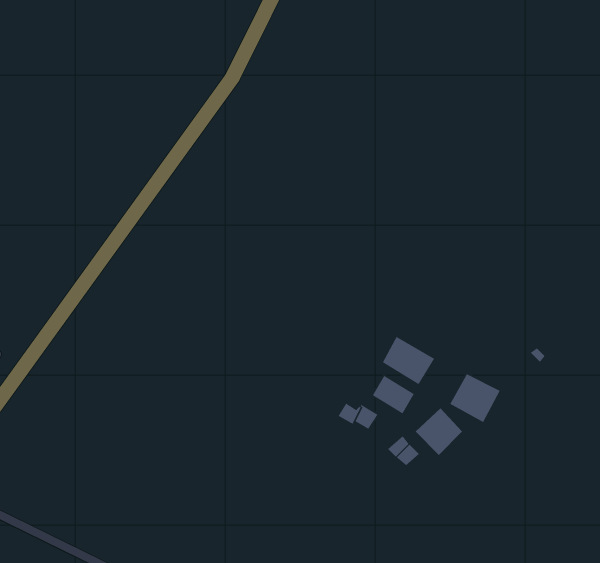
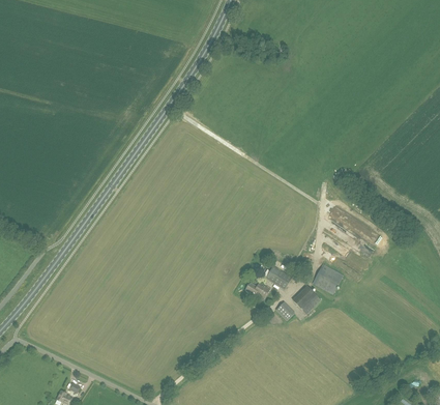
building: [382,336,435,385] -> none

